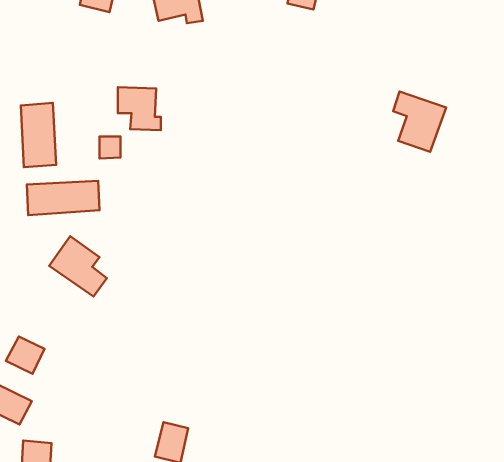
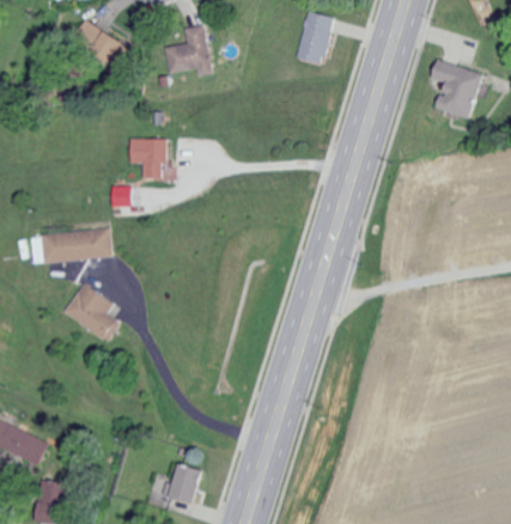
building: [393,91,446,152] -> [431,59,482,117]
building: [21,103,56,167] -> none
building: [6,337,44,374] -> none

